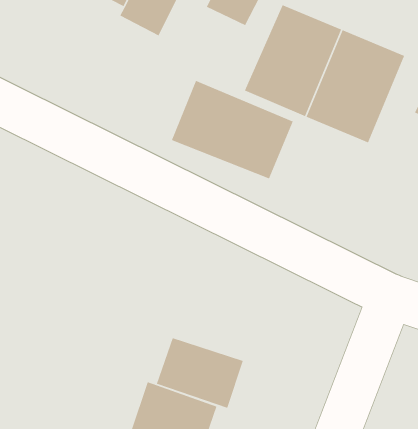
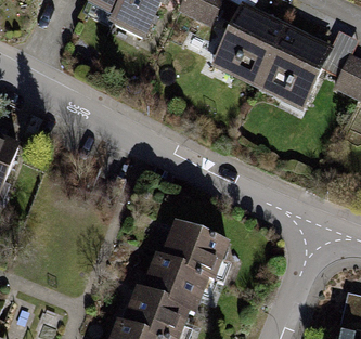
building: [171,80,294,179] -> none
building: none -> [165,220,228,273]

